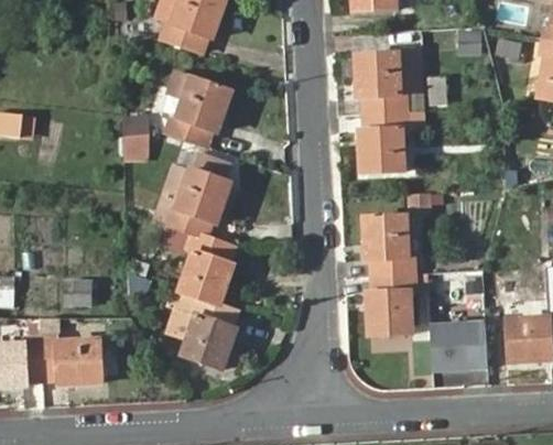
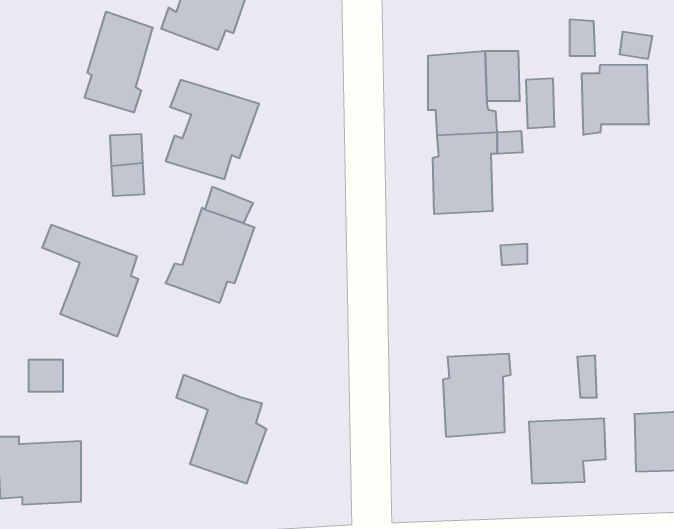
building: none -> [85,12,153,113]
building: none -> [582,65,649,135]
building: [362,217,415,278] -> none
building: [164,226,235,307] -> [42,225,139,336]

